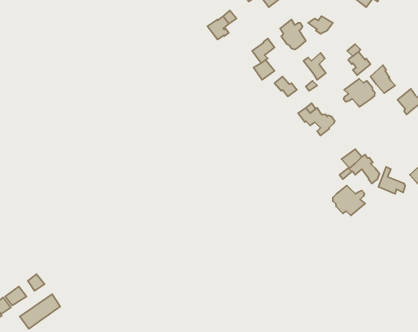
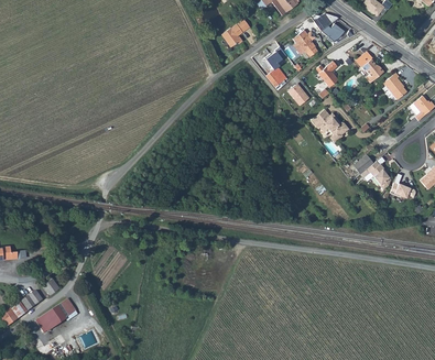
building: [343,79,375,107] -> none
building: [333,186,365,215] -> none

